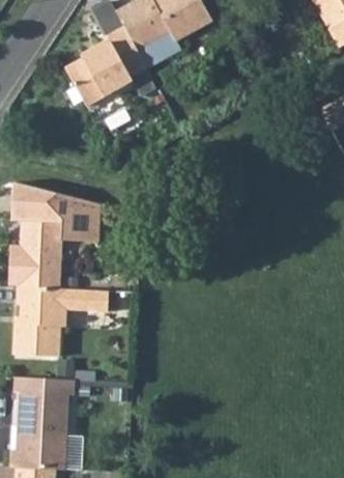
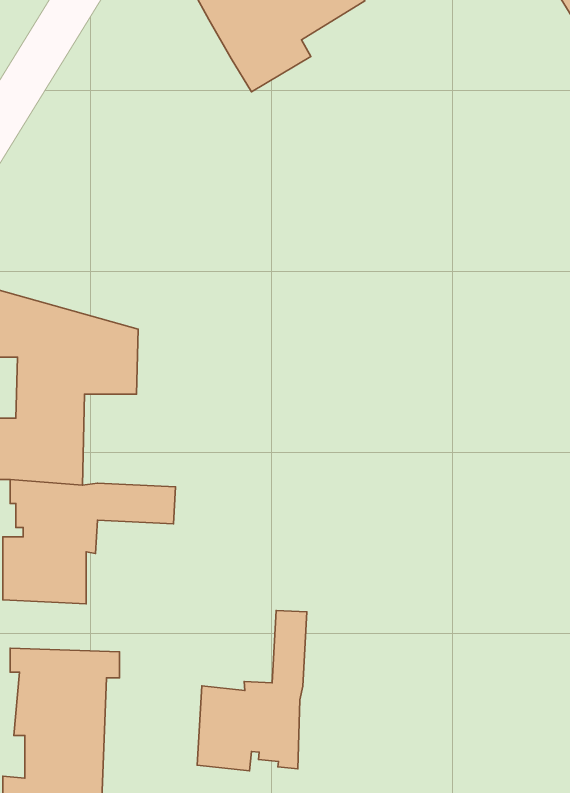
building: [68,26,150,107] -> none
building: none -> [197,610,307,771]

